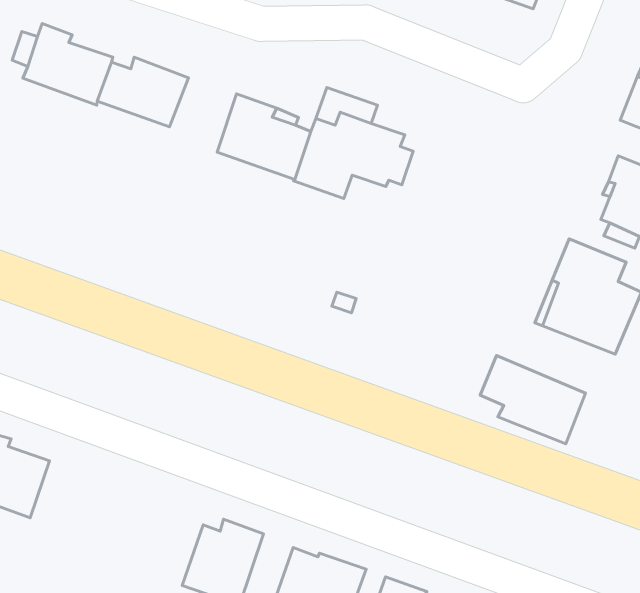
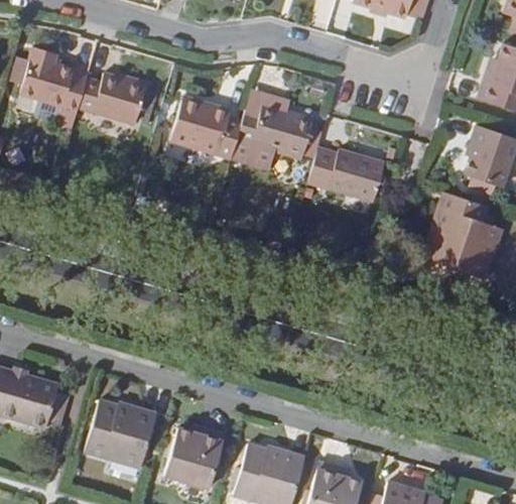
building: none -> [309,149,385,201]
building: [480,355,586,444] -> none
building: none -> [86,398,156,467]

